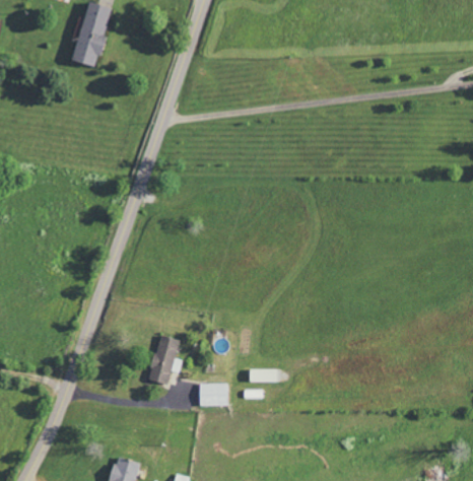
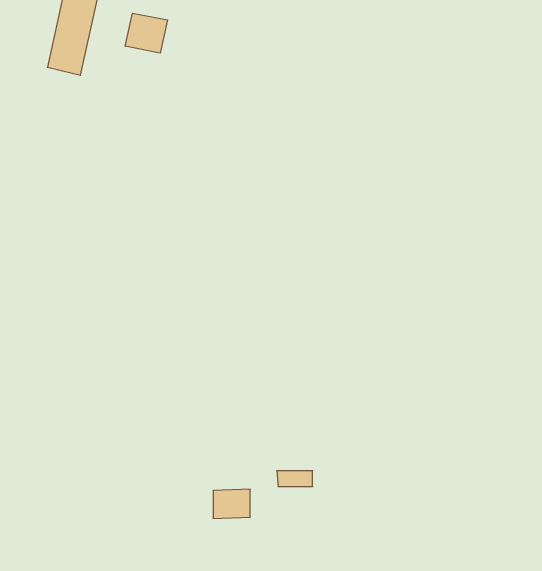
building: none -> [125,13,167,53]
building: [147,335,183,386] -> none

